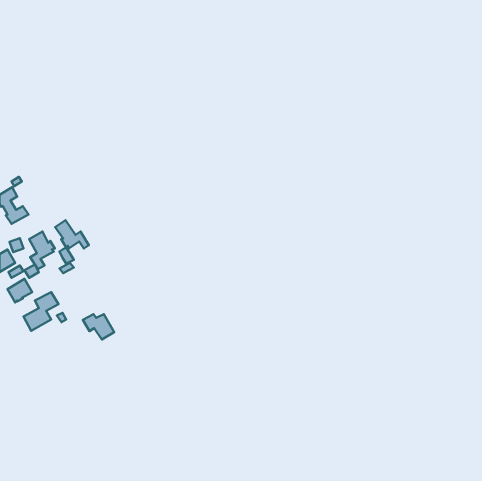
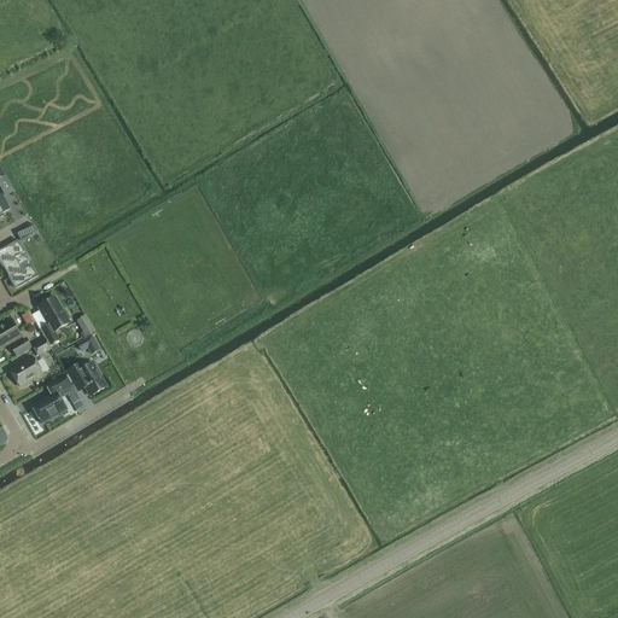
building: [55,220,89,249] -> none
building: [83,314,114,340] -> [65,362,105,395]

